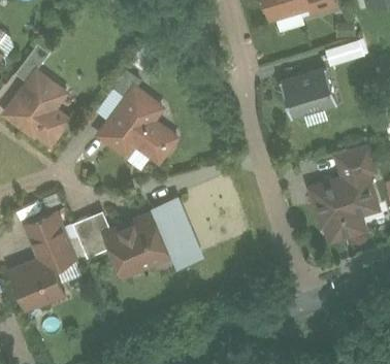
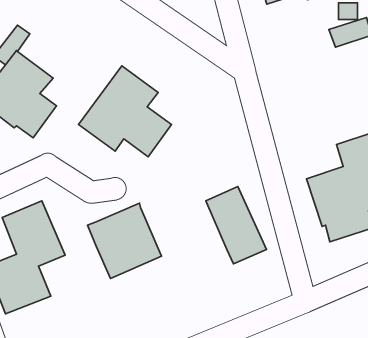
building: [278,66,337,119] -> none
building: [150,200,206,272] -> [206,187,267,264]
building: [71,209,108,259] -> none

